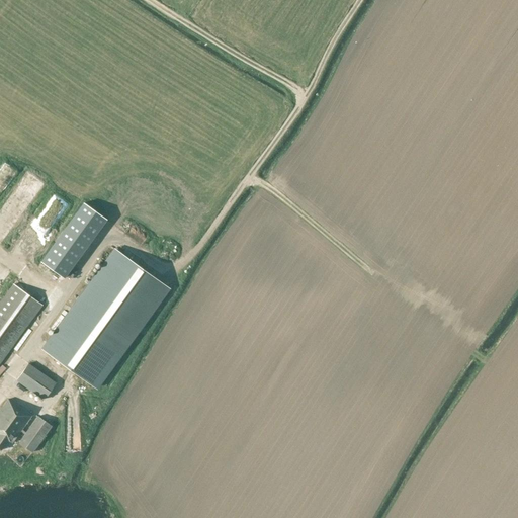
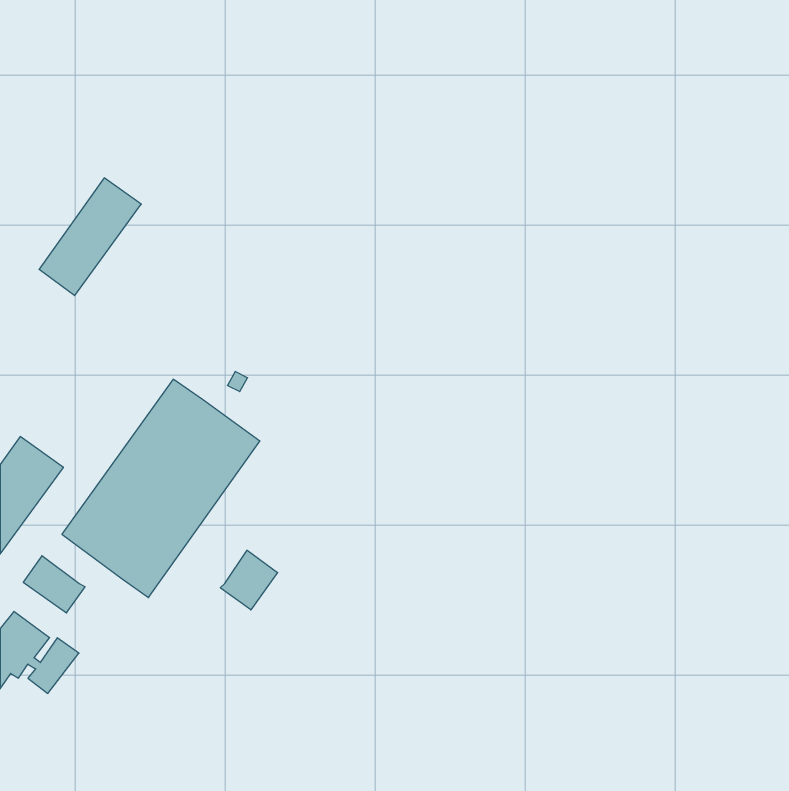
building: [40,201,107,278] -> [39,178,141,296]
building: none -> [220,550,278,610]

